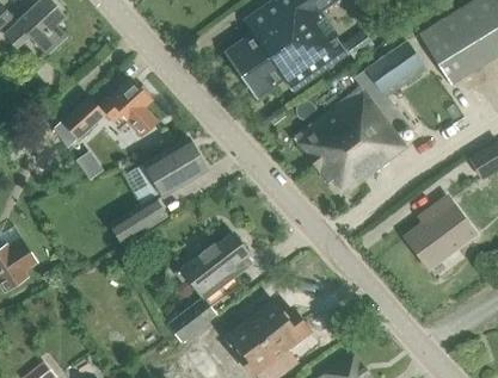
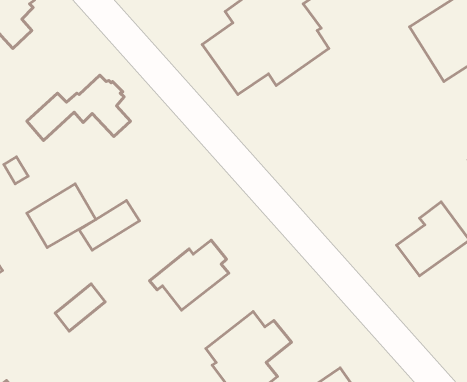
building: [290,41,425,196] -> none
building: [142,137,207,197] -> [27,184,96,248]
building: [168,298,215,342] -> [55,284,105,331]

